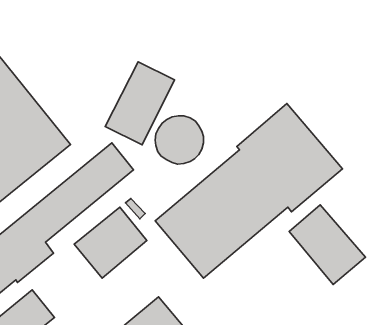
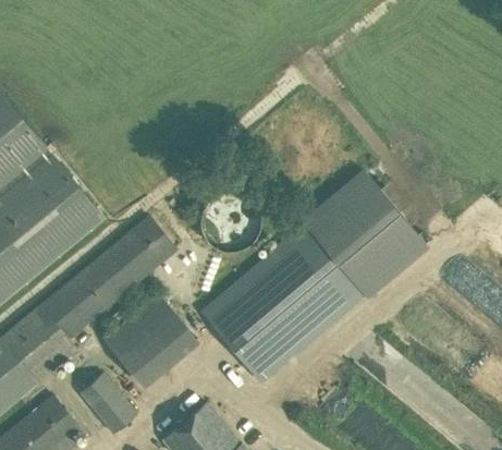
building: [105,62,174,145] -> none
building: [289,205,365,284] -> none
building: none -> [79,374,136,434]

